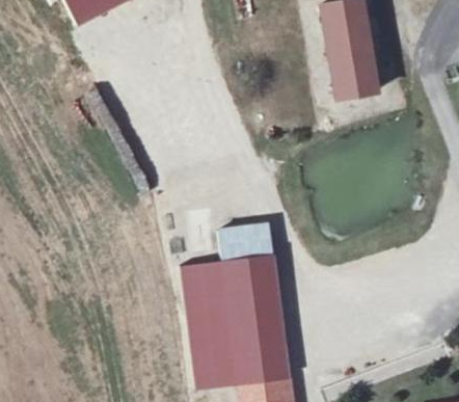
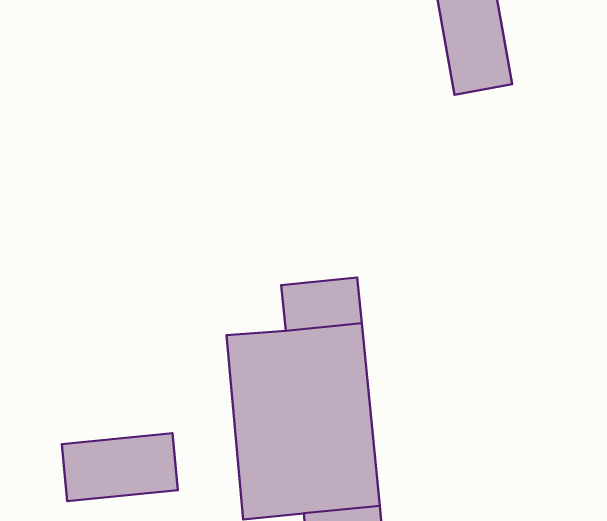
building: none -> [62,433,178,501]

